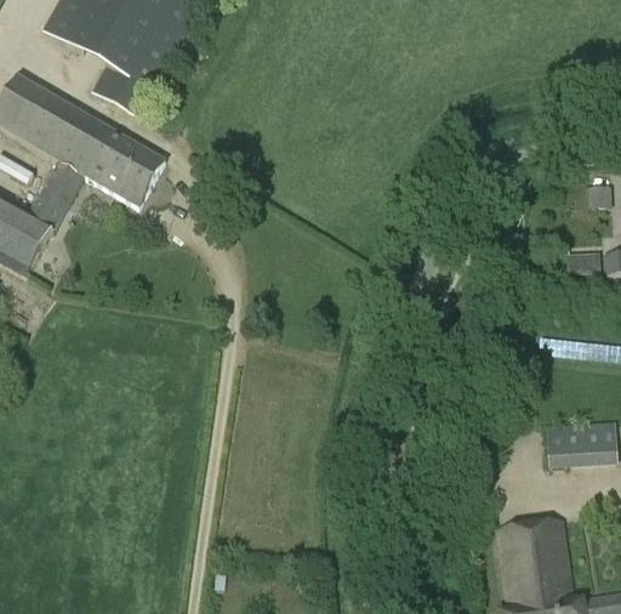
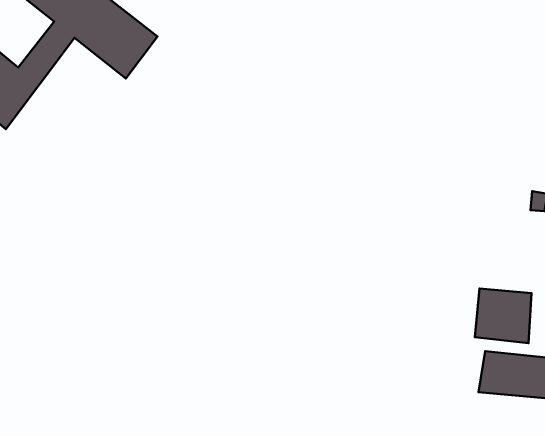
building: none -> [475,289,531,343]

